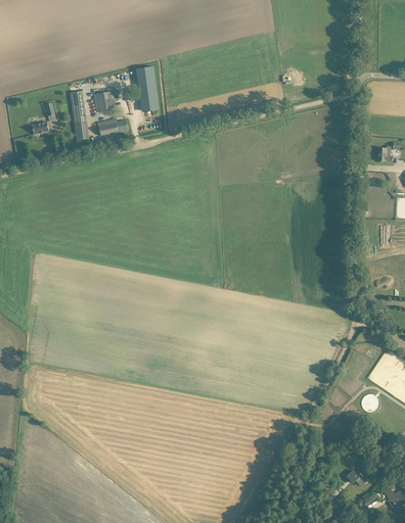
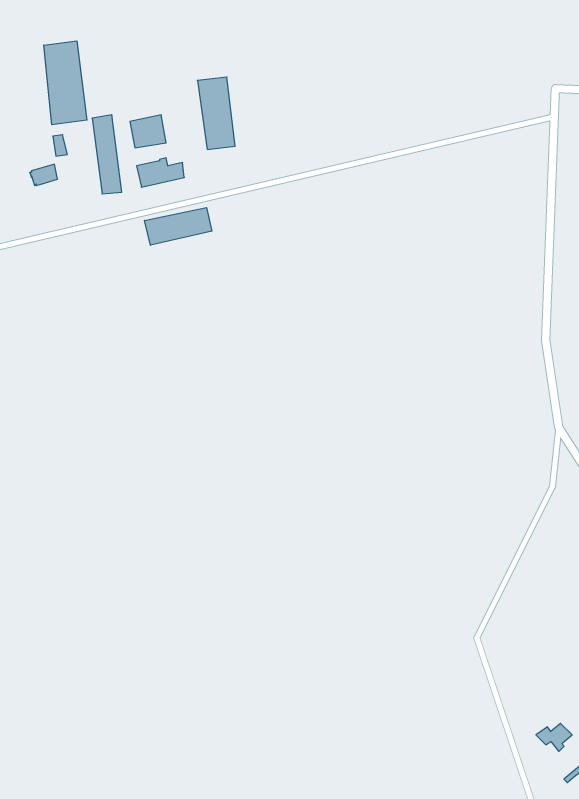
building: none -> [44,41,87,125]
building: none -> [145,208,212,245]

